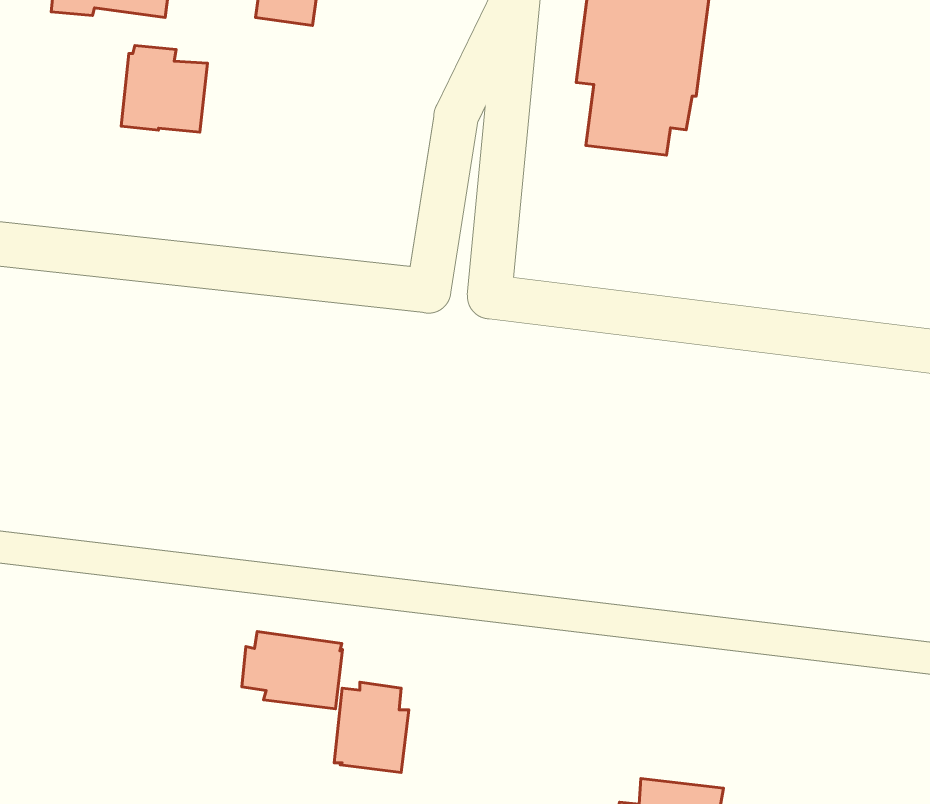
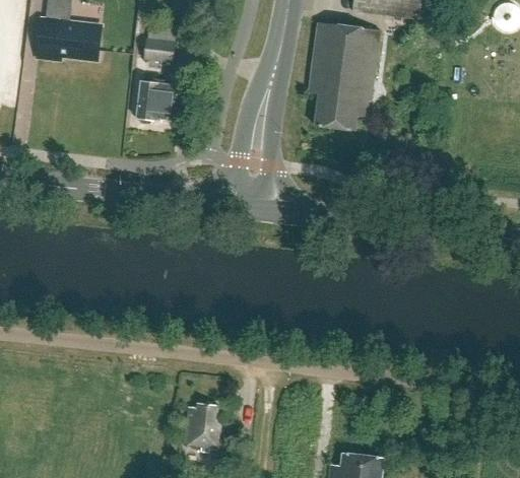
building: [121,46,208,132] -> [136,76,181,121]
building: [242,631,343,709] -> none

